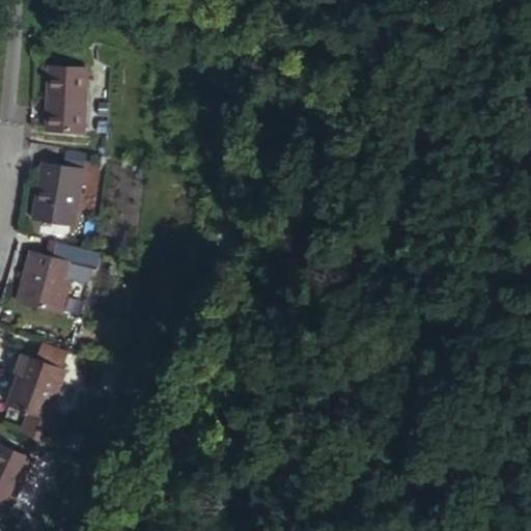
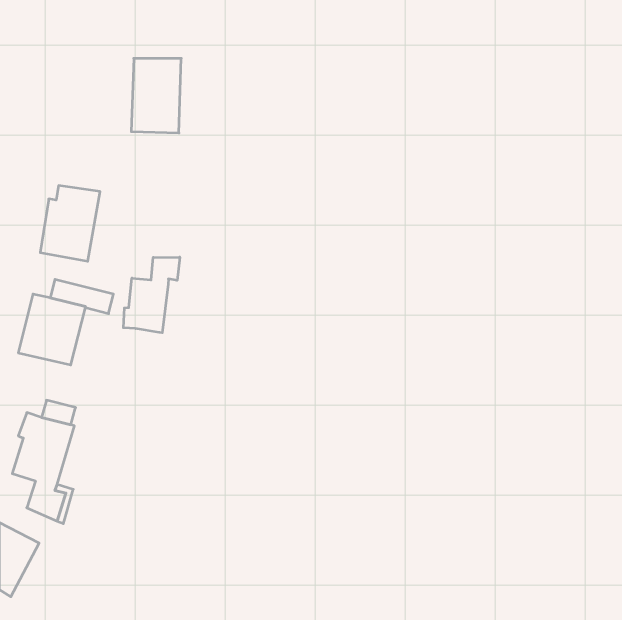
building: [46,65,88,129] -> [131,58,181,133]
building: none -> [123,257,180,333]

